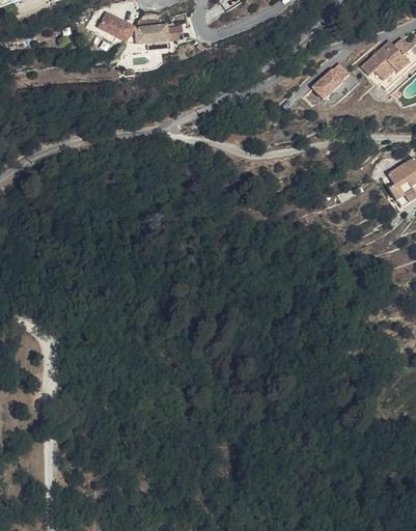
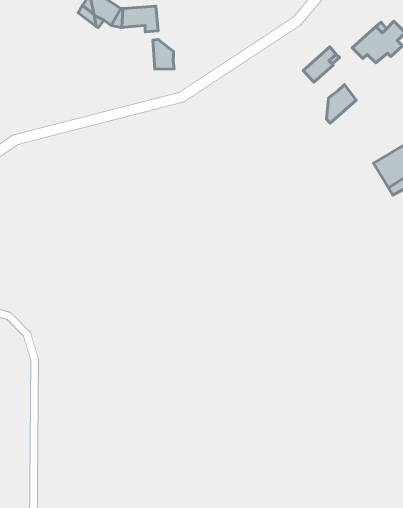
building: none -> [153,40,174,69]
building: none -> [326,85,356,123]

